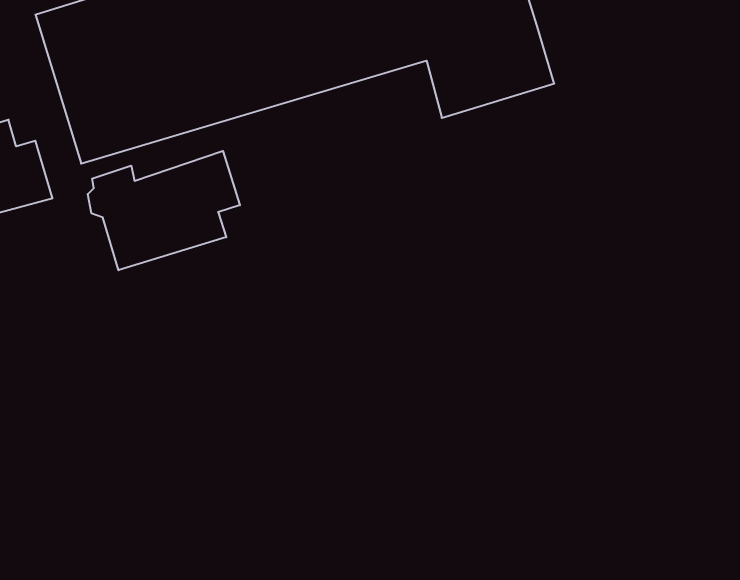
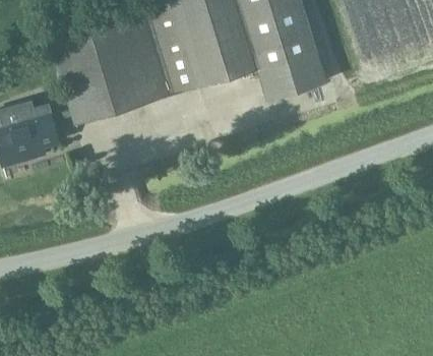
building: [88,151,240,270] -> none

